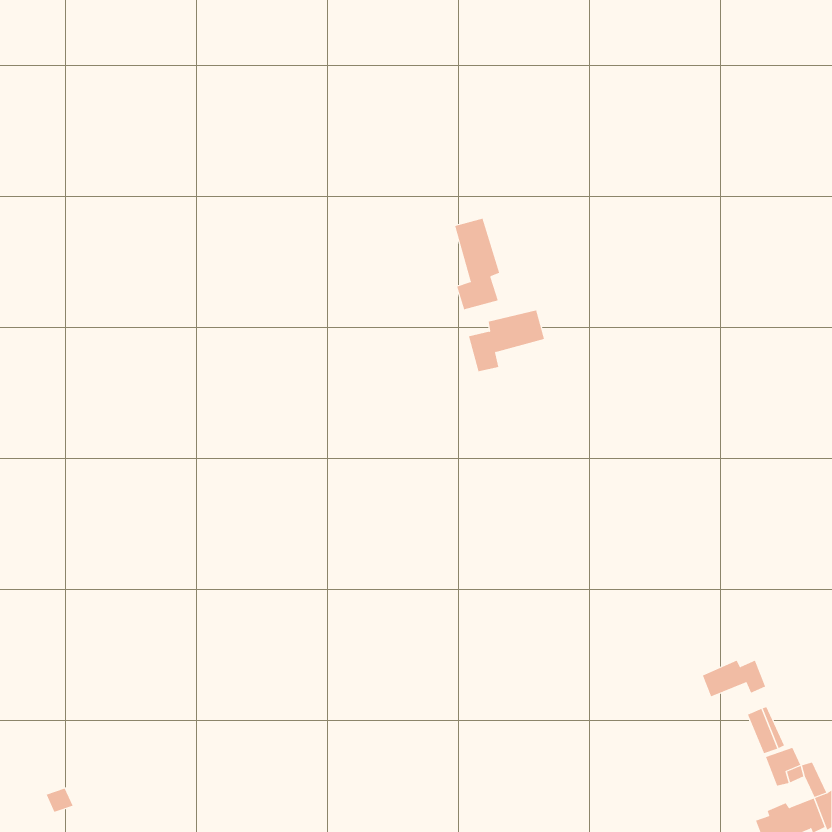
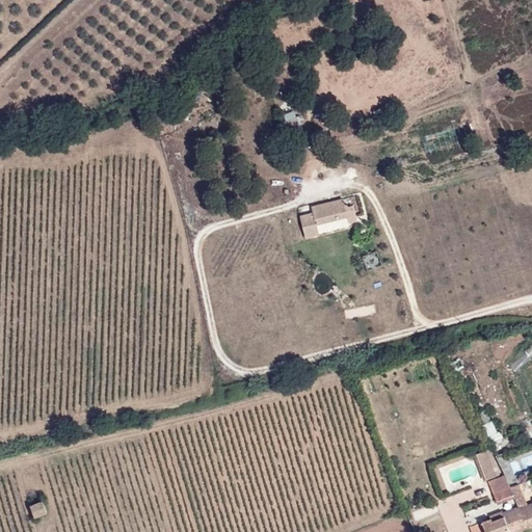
building: [455,218,500,310] -> none
building: [702,660,766,697] -> none

